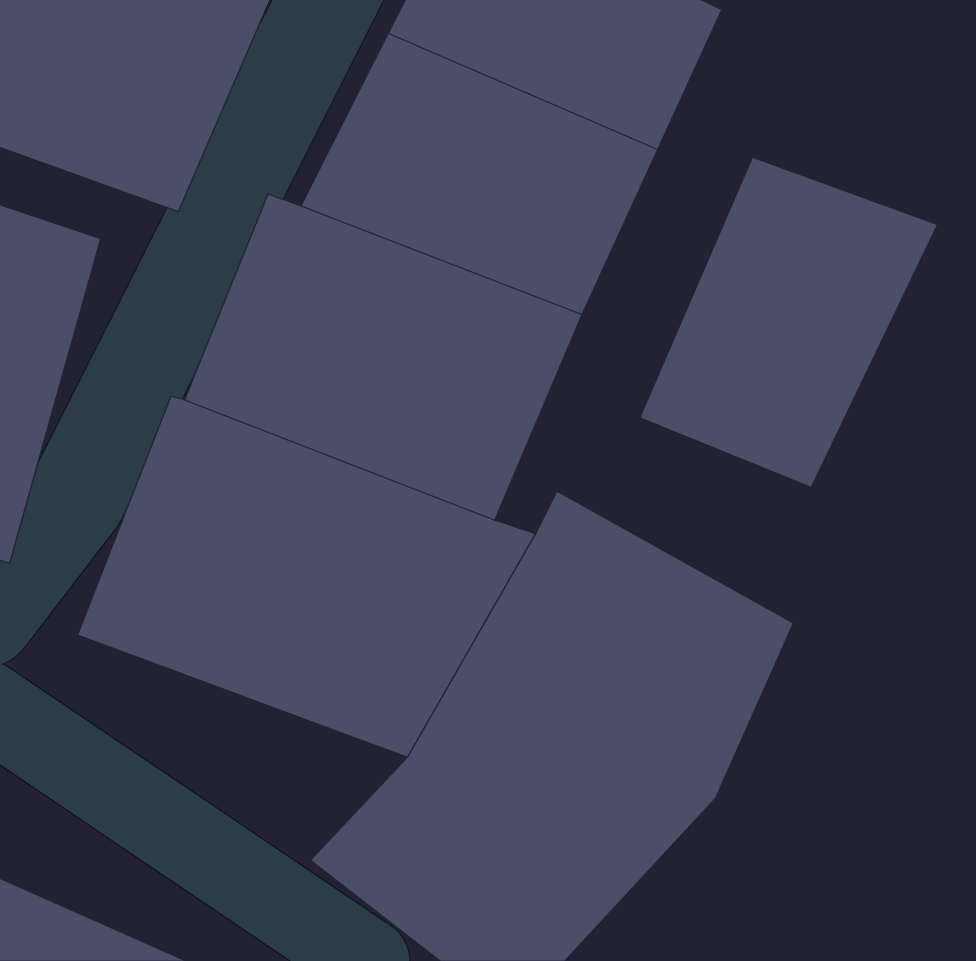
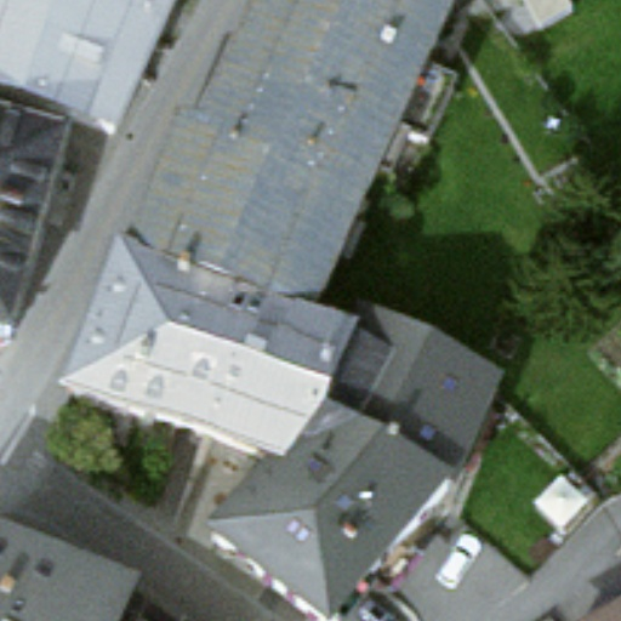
building: [640,157,938,487] -> none

